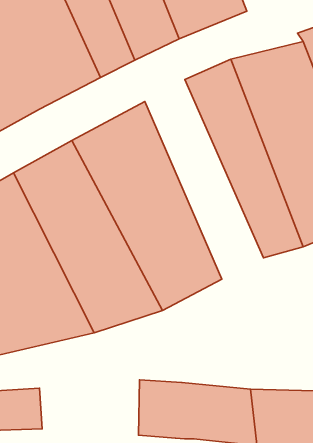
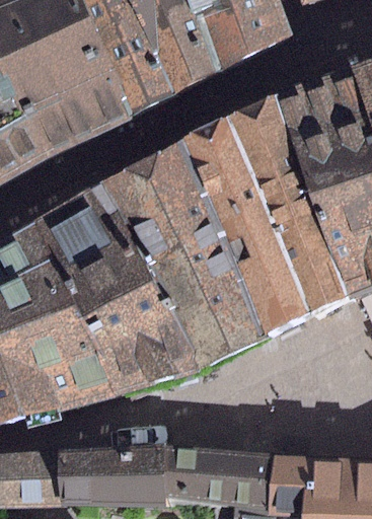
building: none -> [181,117,311,336]
building: none -> [66,446,175,507]

